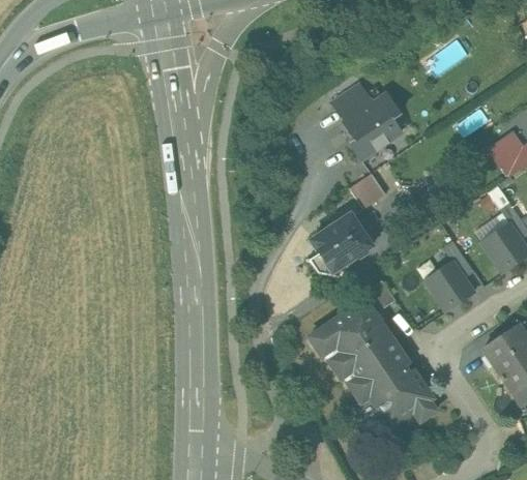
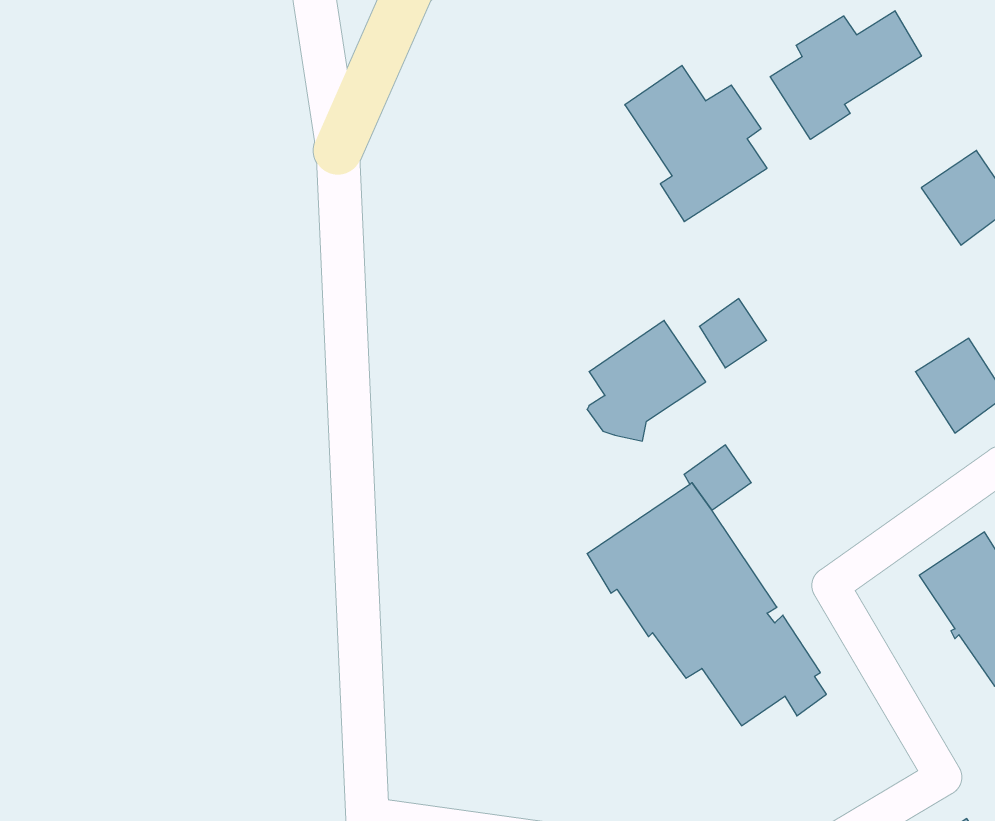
building: none -> [770,11,921,139]
building: [350,173,385,209] -> [699,299,767,368]
building: [424,262,475,311] -> none

